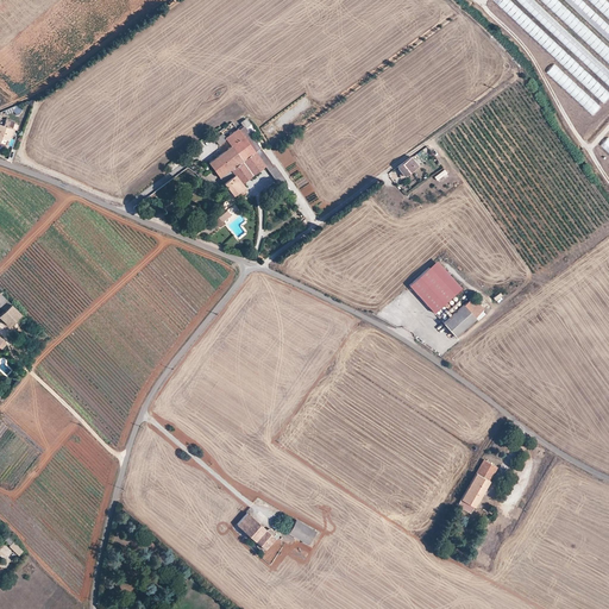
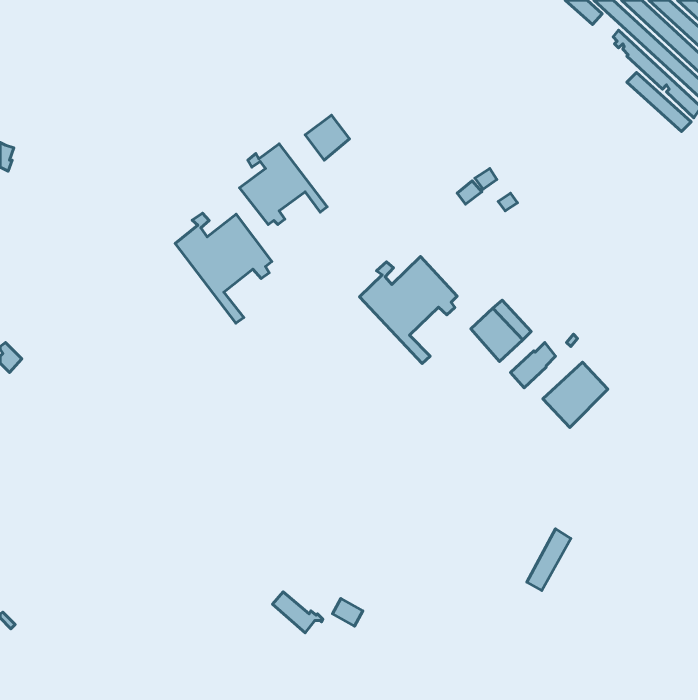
building: none -> [305,115,350,160]
building: none -> [175,213,272,323]
building: none -> [360,256,457,363]
building: none -> [543,362,608,428]

